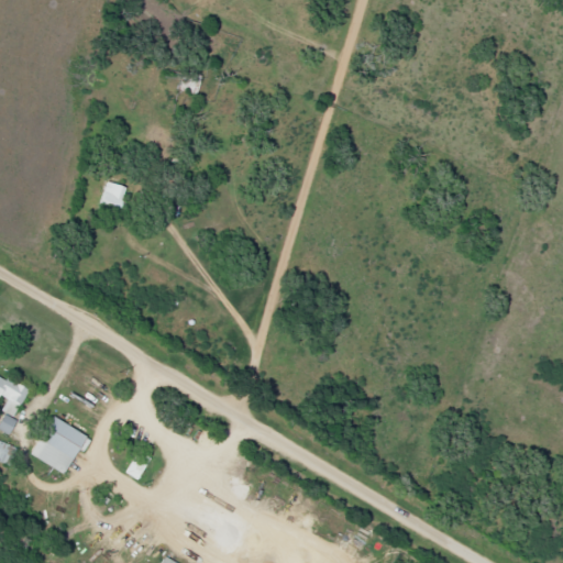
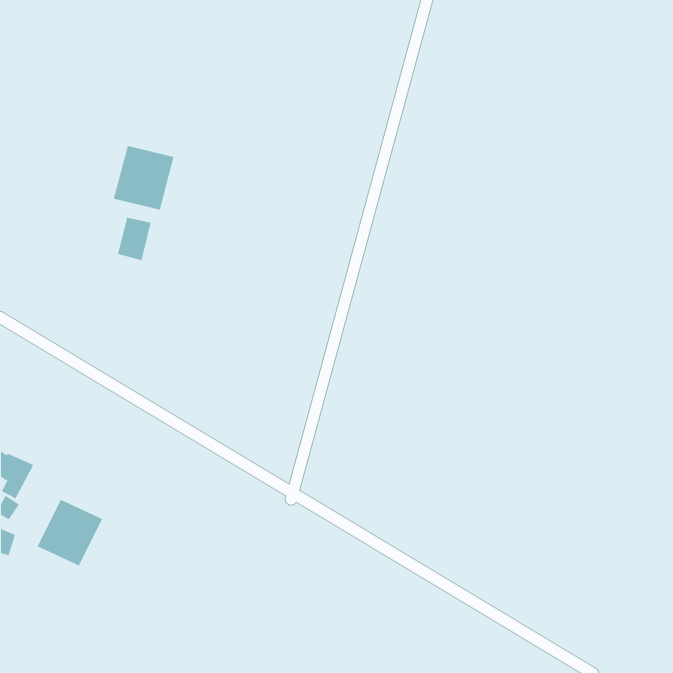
building: none -> [113,145,174,210]

